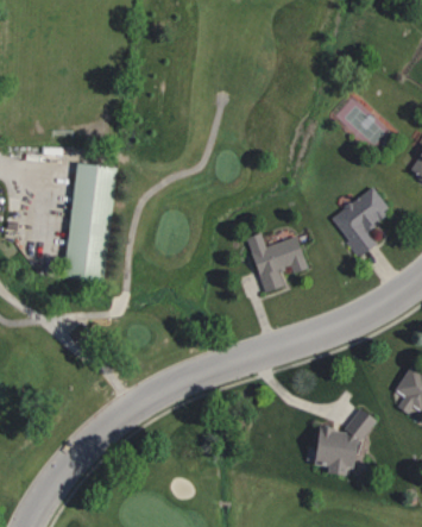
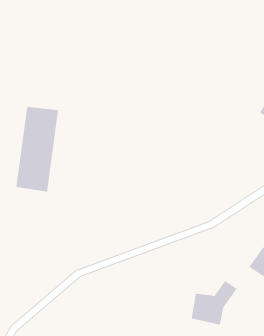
building: [329,187,389,259] -> none
building: [244,233,309,293] -> none

